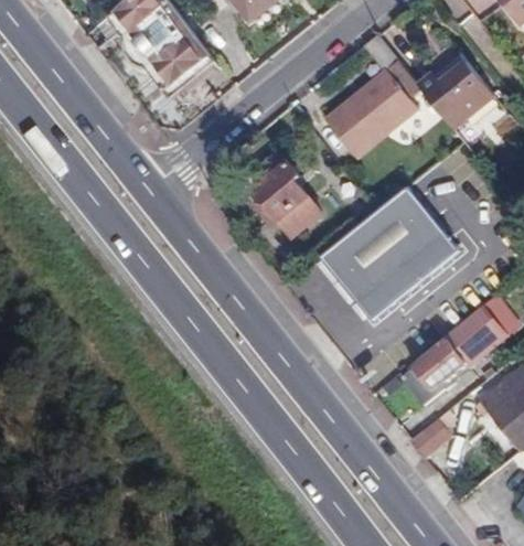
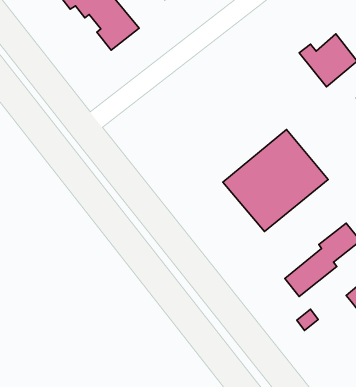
building: [323,35,419,161] -> none
building: [249,149,323,237] -> none

